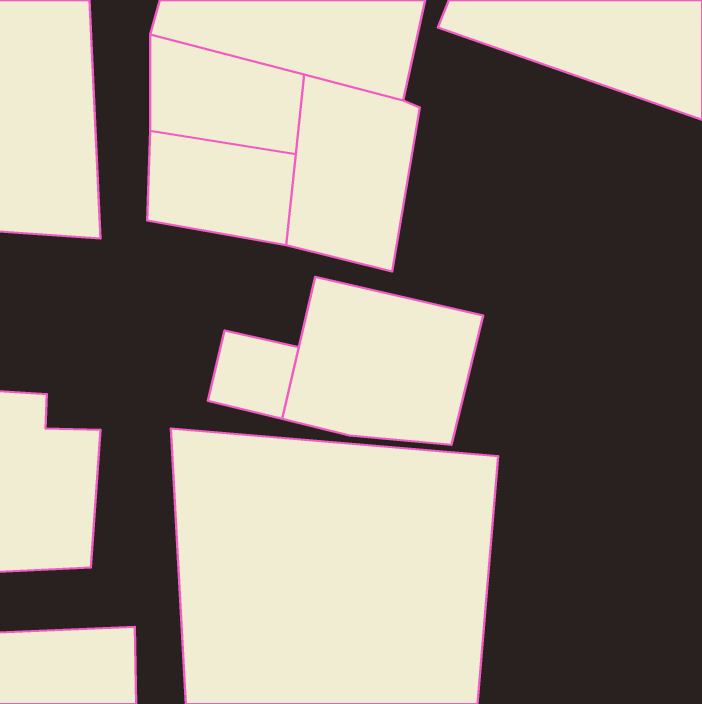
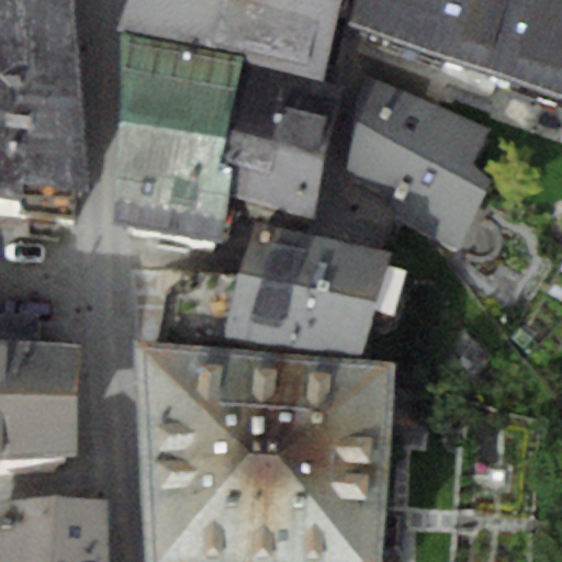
building: none -> [347,72,488,247]
building: none -> [113,176,228,239]

